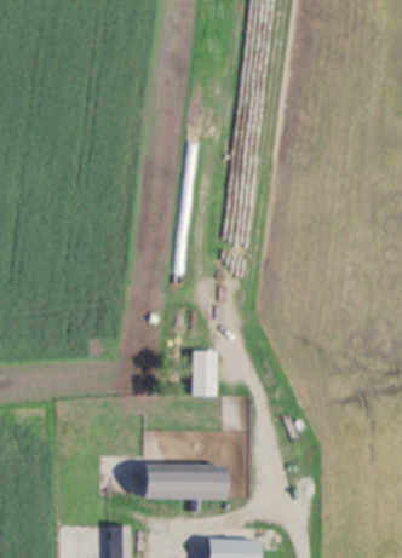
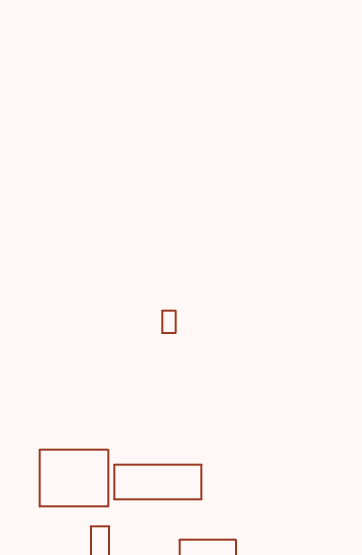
building: [193,350,217,396] -> none
building: none -> [40,450,108,507]

